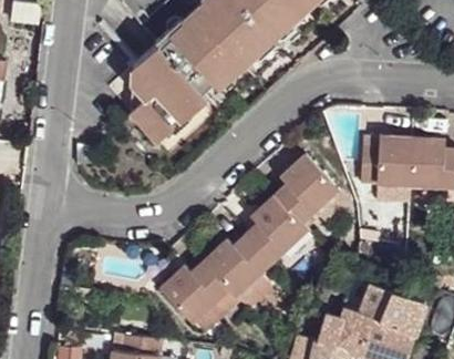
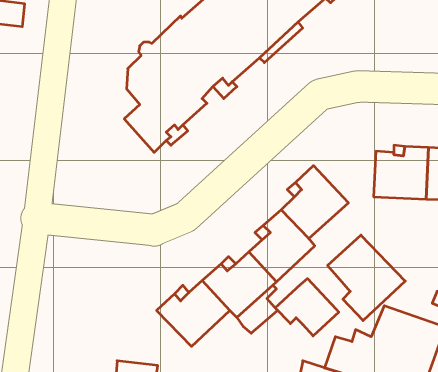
building: none -> [328,235,405,321]
building: none -> [275,279,339,336]

